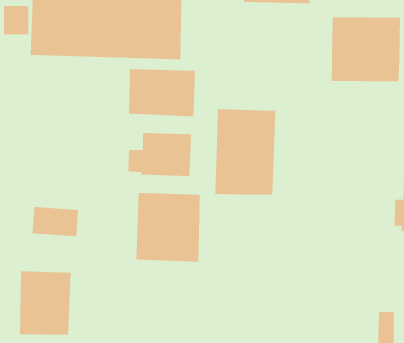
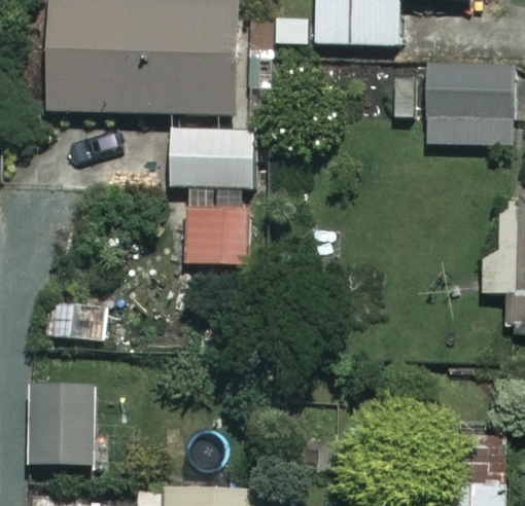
building: [215,108,276,196] -> none
building: [136,192,200,262] -> none

